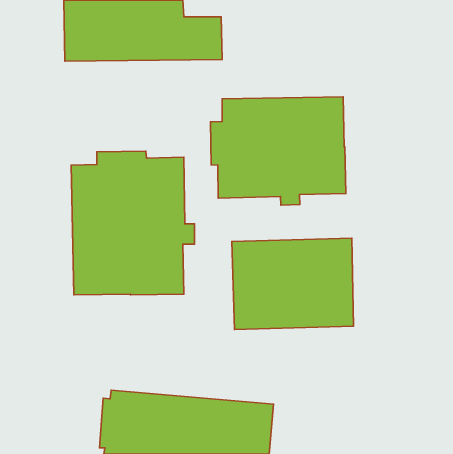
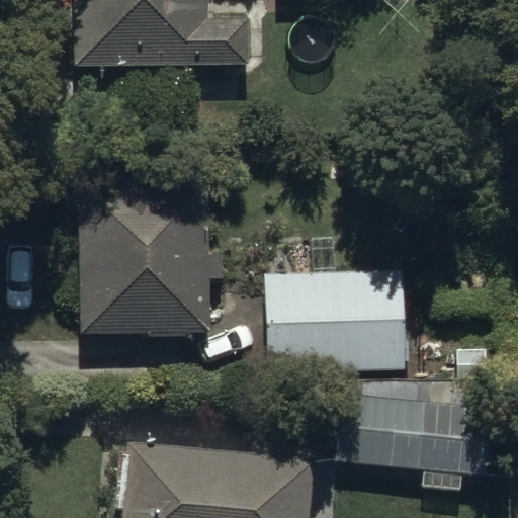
building: [210,97,346,205] -> none
building: none -> [332,373,489,492]

